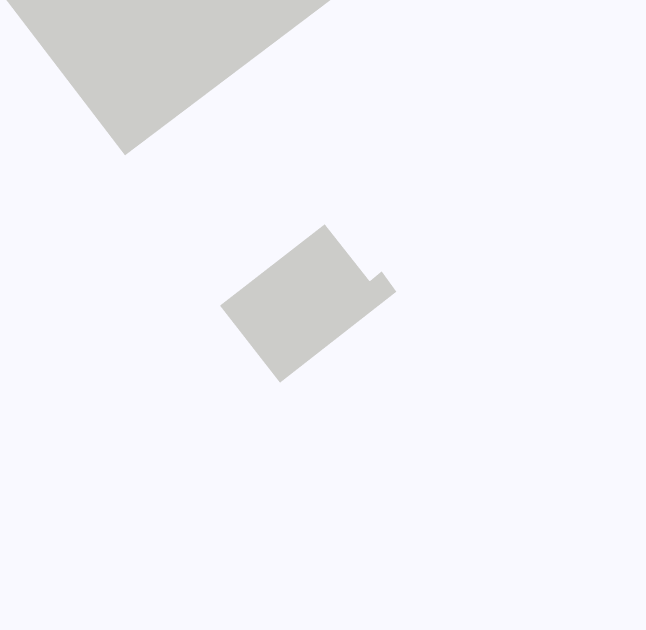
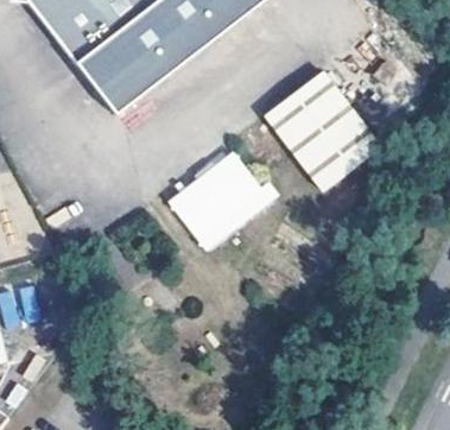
building: none -> [265,71,380,192]

